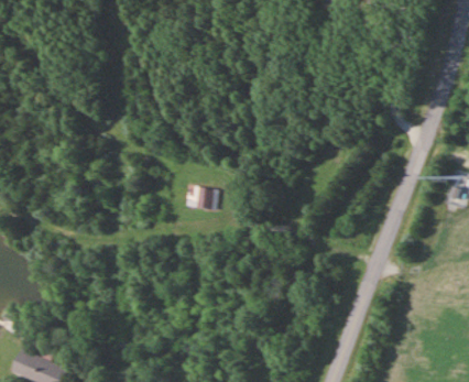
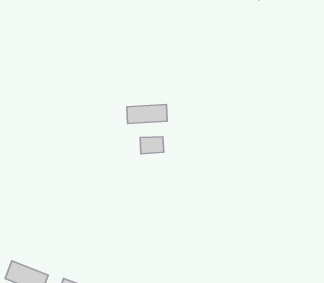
building: none -> [127,105,167,123]

